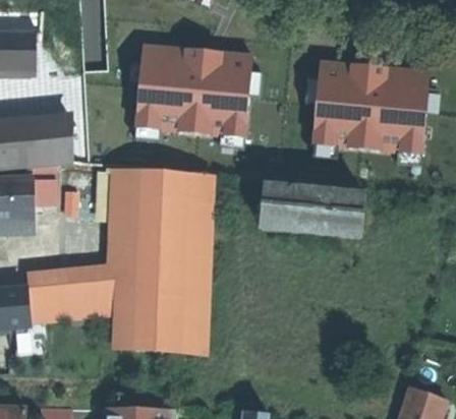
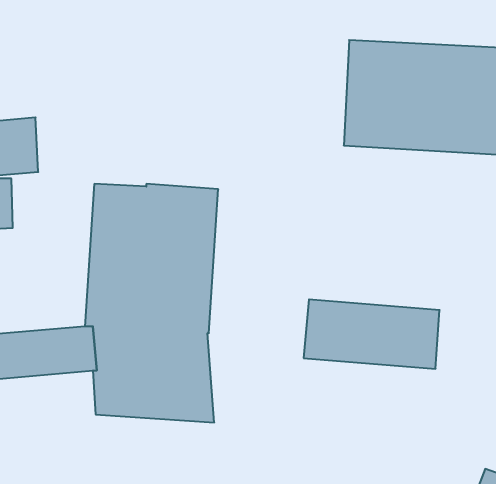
building: [127,43,254,134] -> none
building: [261,185,364,238] -> [304,299,440,369]

